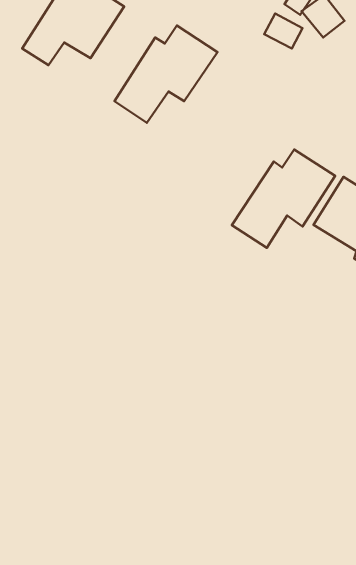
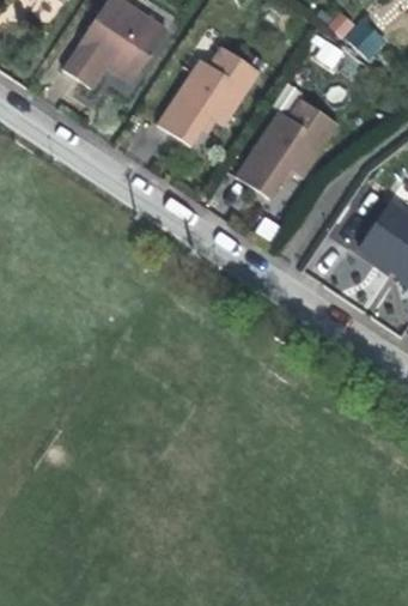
building: [232,150,335,248] -> [236,101,339,199]

